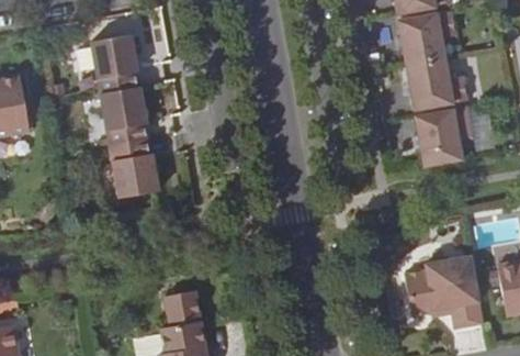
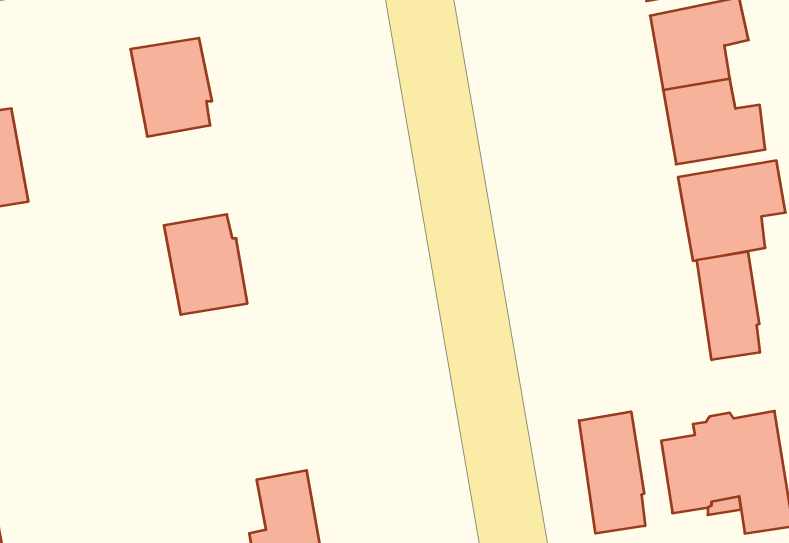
building: [100,86,147,145] -> none
building: none -> [697,251,760,360]
building: none -> [579,412,645,533]

